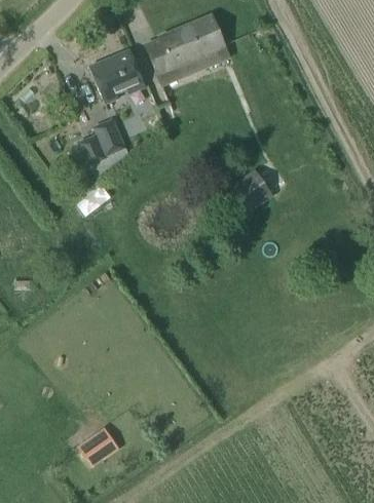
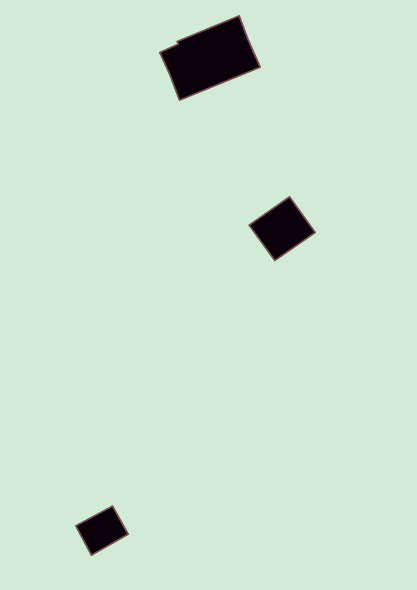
building: [89,48,145,103] -> none
building: [79,117,124,165] -> none

